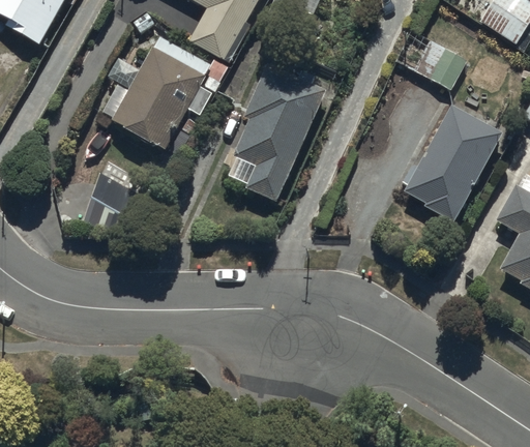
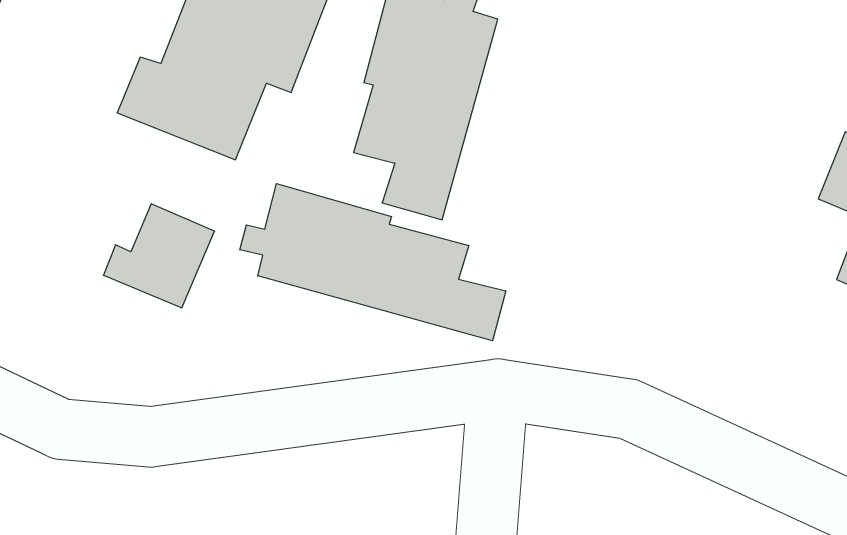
building: [404,106,502,221] -> none
building: none -> [240,184,506,341]

